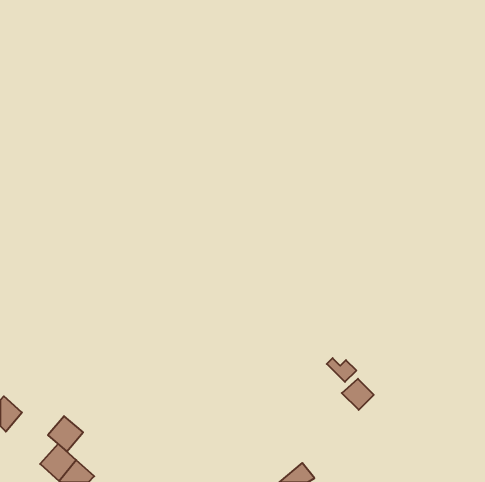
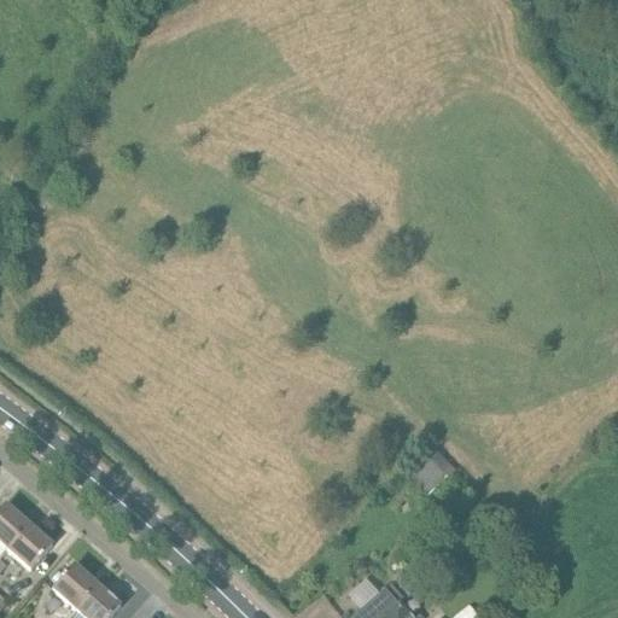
building: [342,379,374,410] -> none
building: [48,416,83,451] -> [10,523,54,567]

